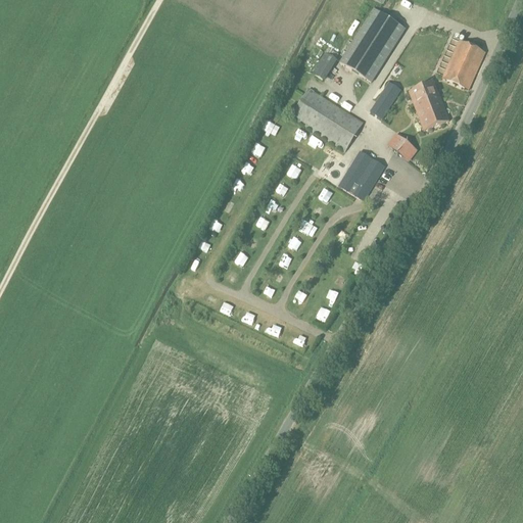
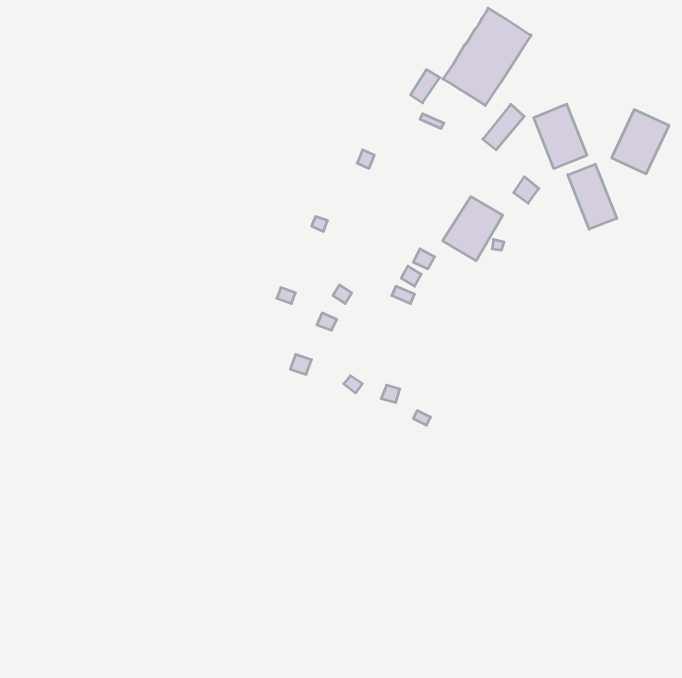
building: [442,39,486,88] -> [612,110,669,174]
building: [291,86,364,150] -> none
building: none -> [568,164,617,229]

